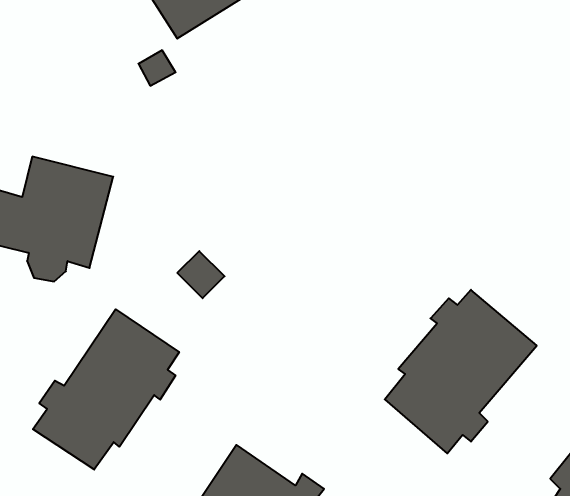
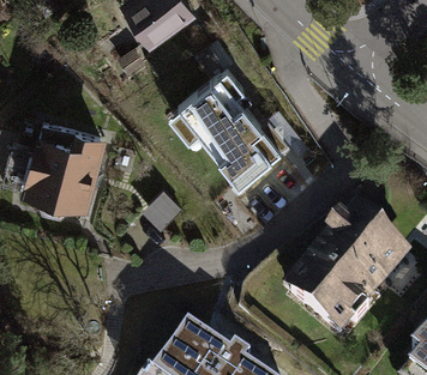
building: none -> [179,75,279,183]
building: [33,309,179,470] -> none

